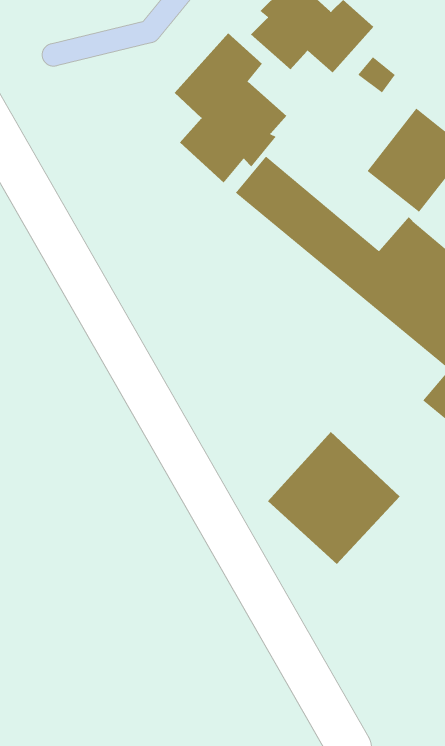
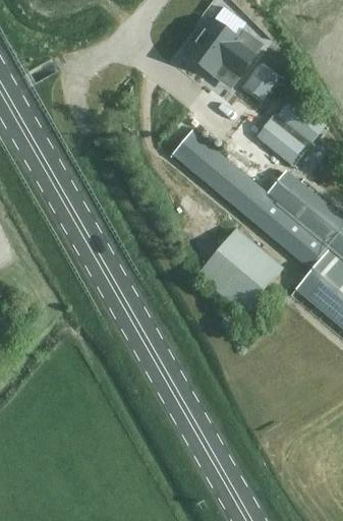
building: [174,32,287,184] -> none
building: [267,431,400,565] -> [207,226,294,313]

